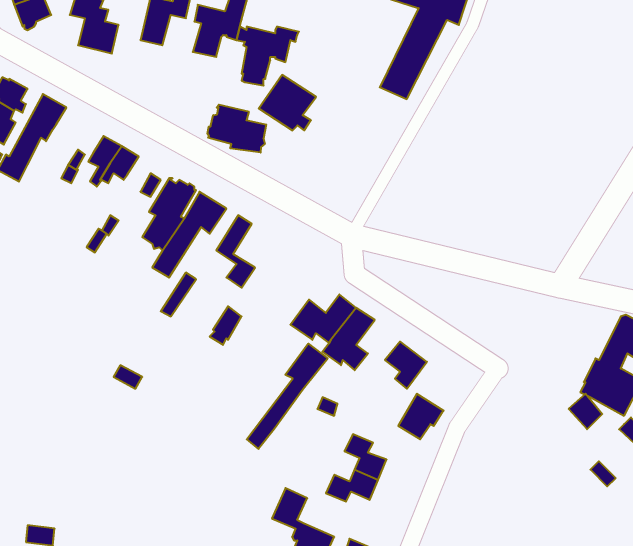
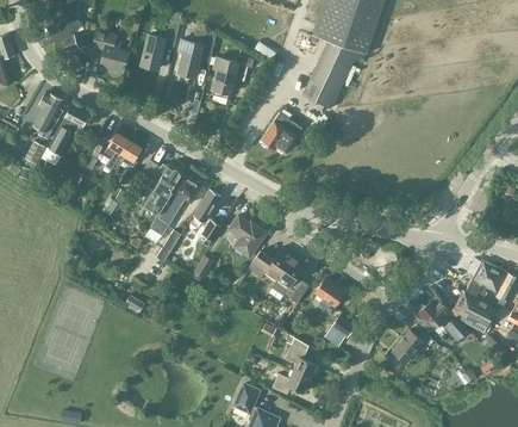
building: [259,75,316,130] -> [262,117,302,156]
building: [207,105,266,153] -> none
building: none -> [230,215,267,256]
building: [247,344,328,449] -> none
building: none -> [417,298,451,329]
building: none -> [392,326,432,361]

